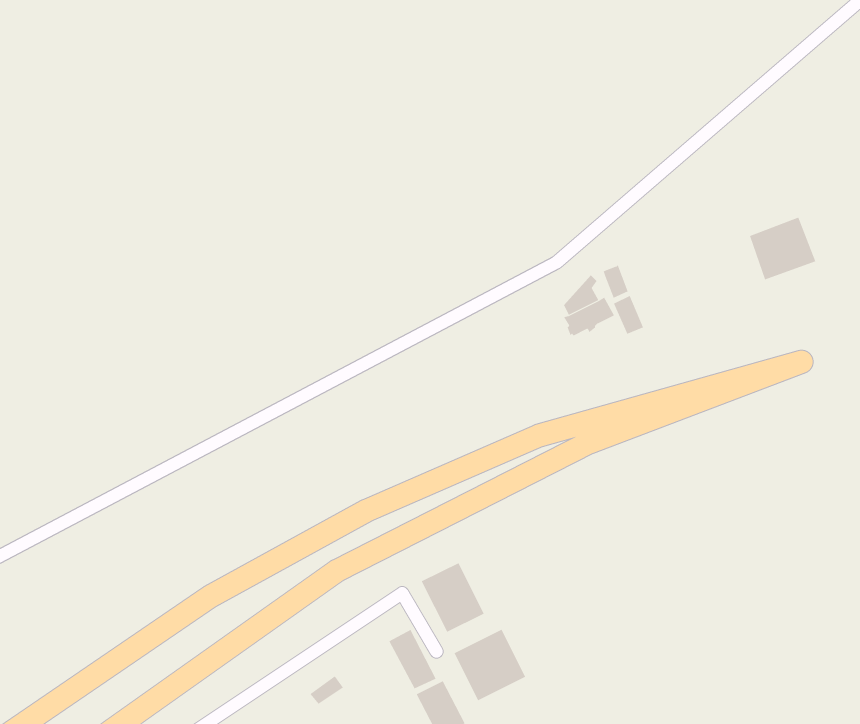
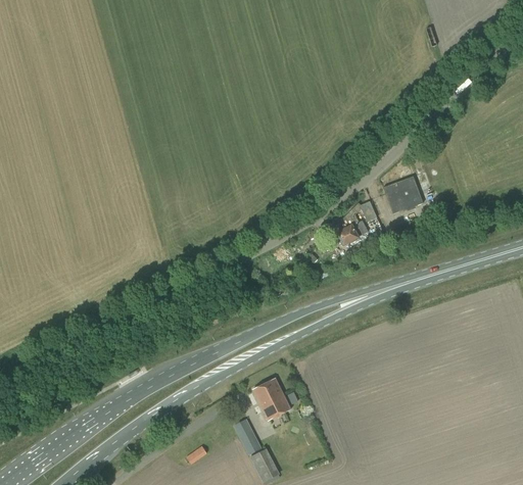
building: [749,217,816,280] -> [383,176,423,213]
building: [454,629,526,701] -> none

